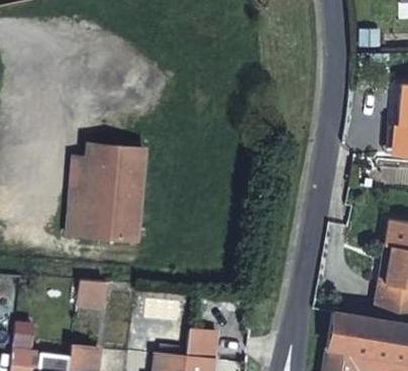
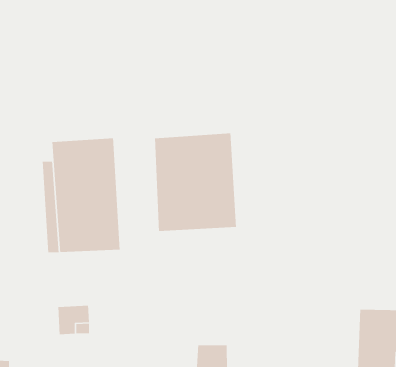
building: none -> [154,132,237,232]

